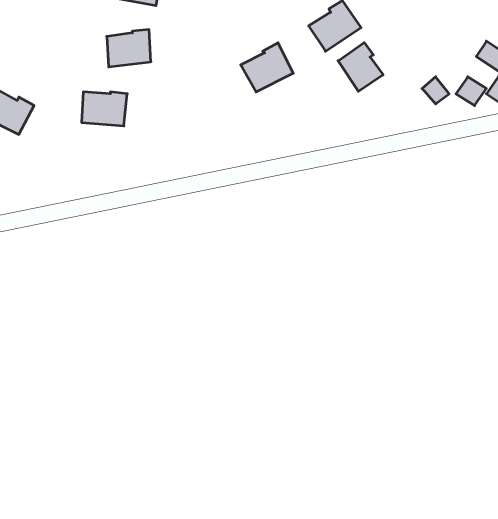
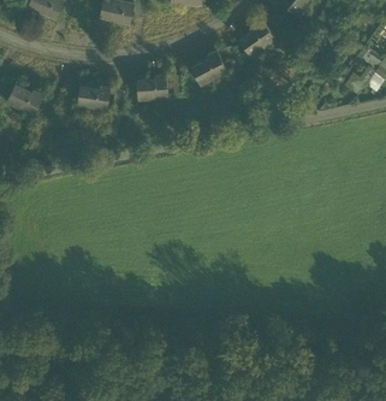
building: [107,30,151,67] -> [137,75,168,101]
building: [338,43,383,91] -> none

